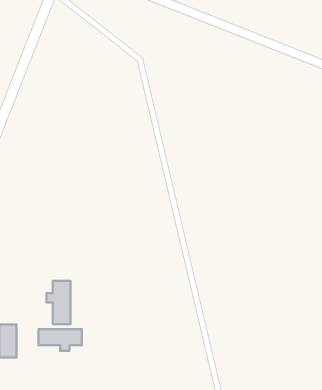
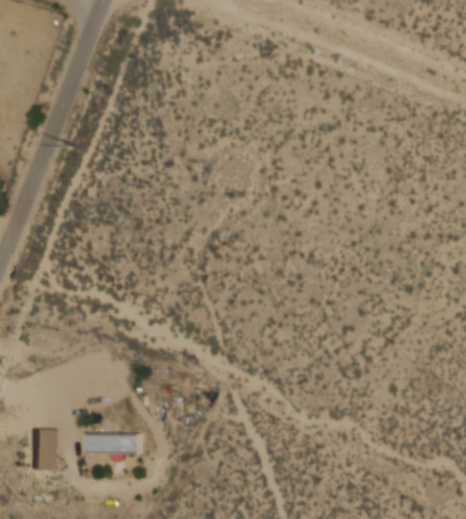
building: [46,281,71,324] -> none

